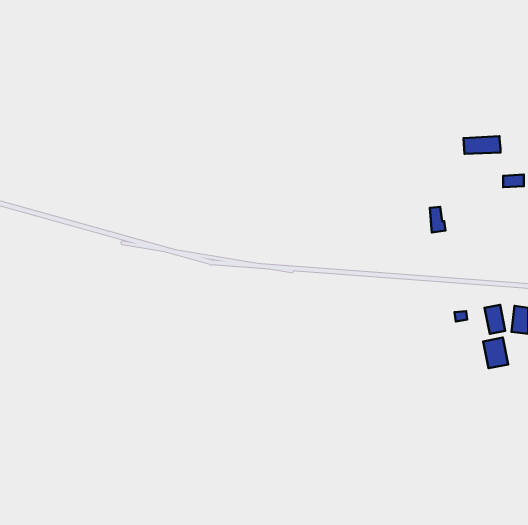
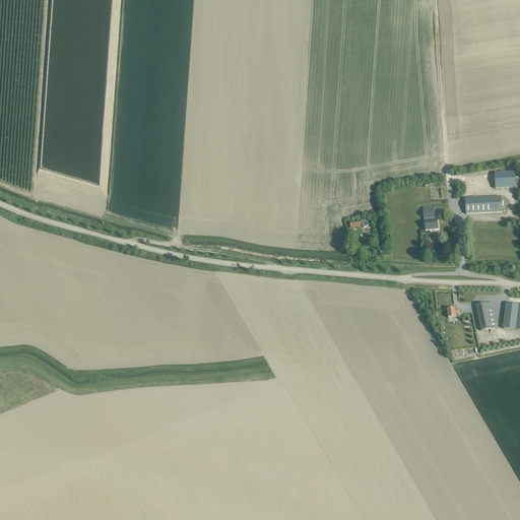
building: [463,136,501,154] -> [465,194,502,211]
building: [483,338,508,368] -> none

